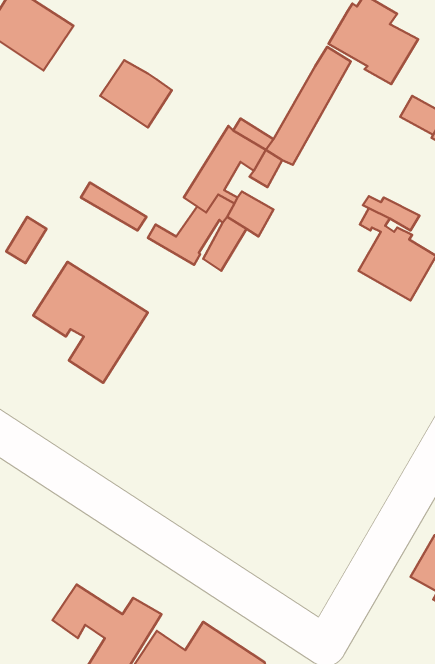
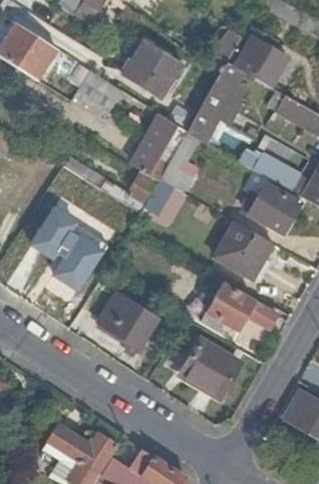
building: none -> [123,43,182,101]
building: none -> [214,220,273,279]
building: none -> [207,283,277,329]
building: none -> [98,293,158,349]
building: none -> [182,340,240,396]

